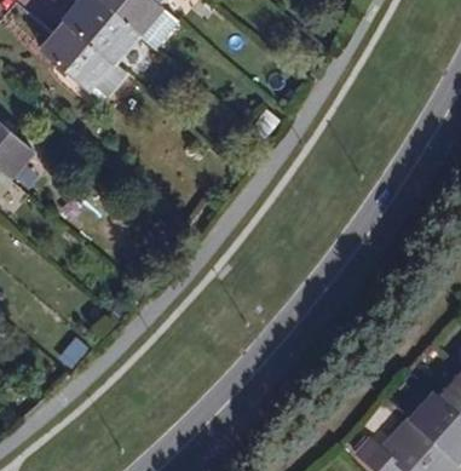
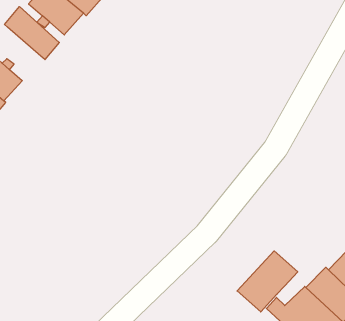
building: none -> [5,7,59,60]
building: none -> [237,251,298,312]

